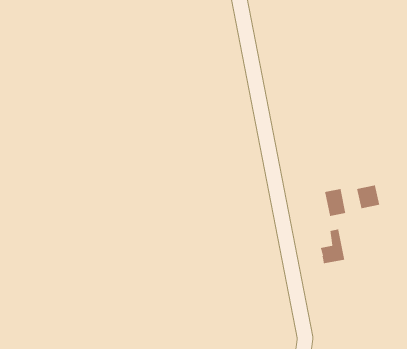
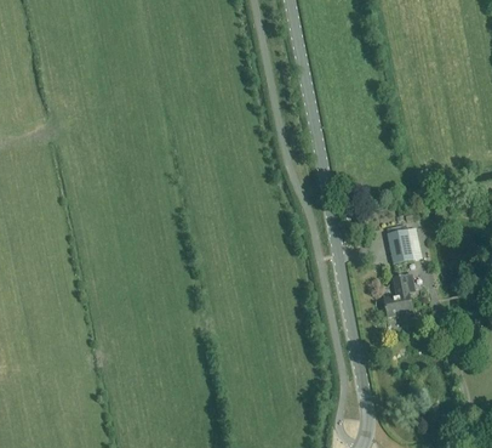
building: [356,184,380,209] -> none

